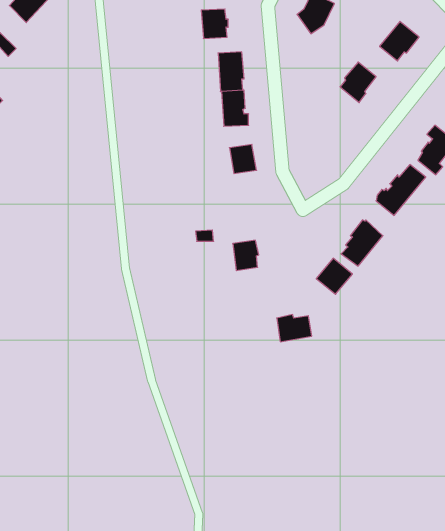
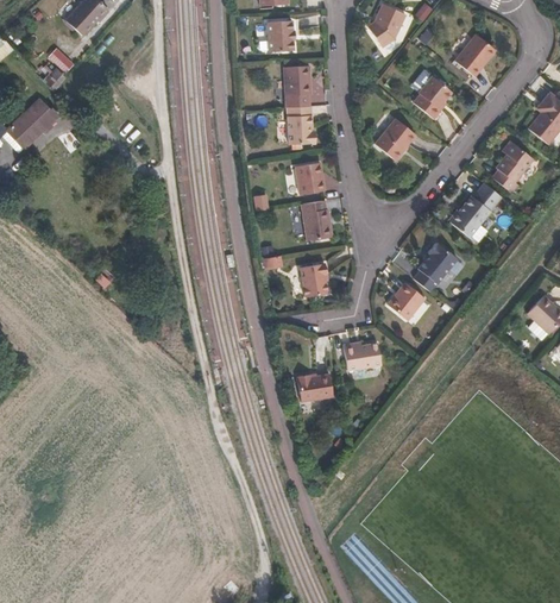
building: none -> [373,118,415,161]
building: none -> [302,199,333,240]
building: none -> [297,376,334,403]

